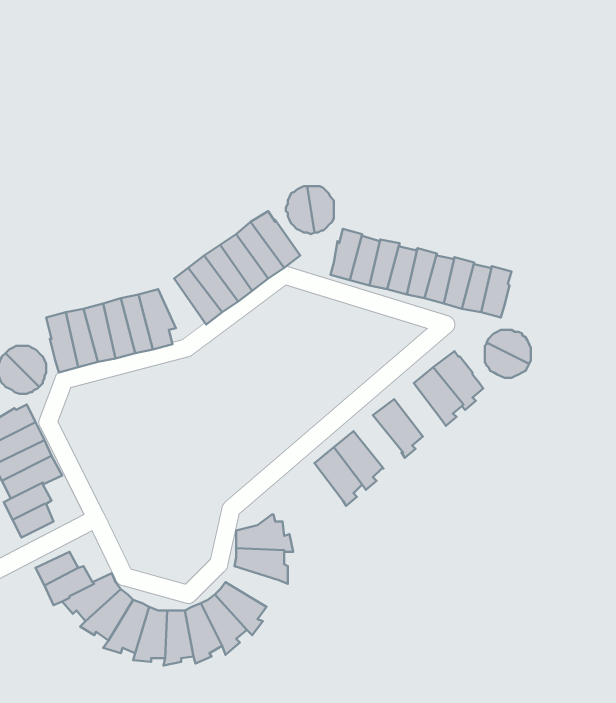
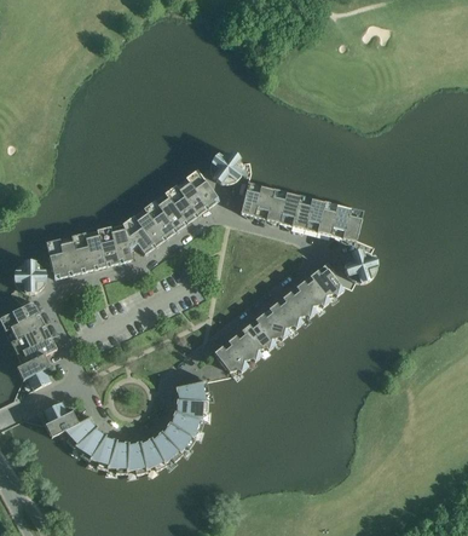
building: none -> [122,214,155,253]
building: none -> [283,286,316,325]
building: none -> [255,307,289,347]
building: none -> [214,340,248,380]
building: none -> [168,410,204,442]

